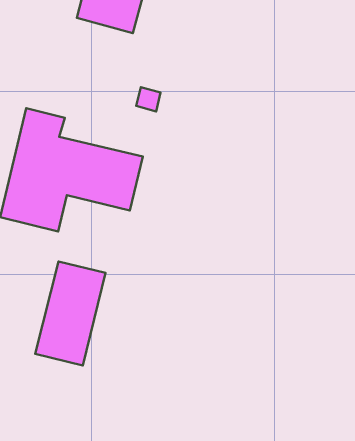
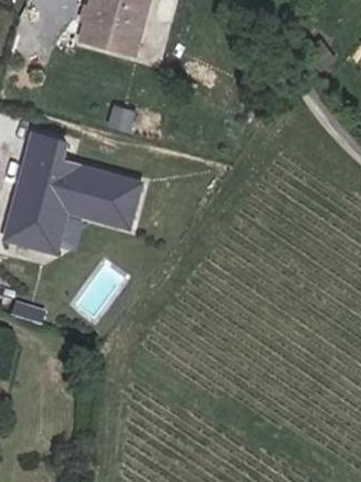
building: [35,262,106,365] -> none

